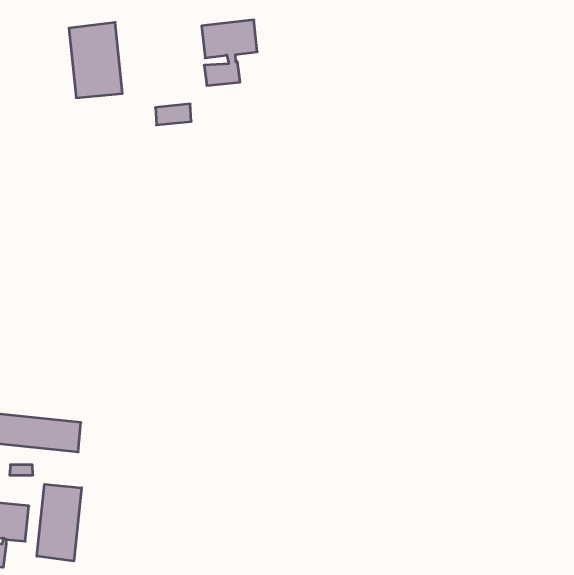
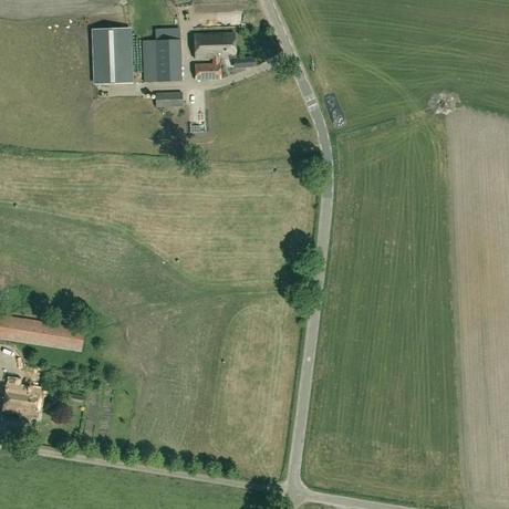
building: none -> [142,28,180,82]
building: [37,484,82,561] -> none

